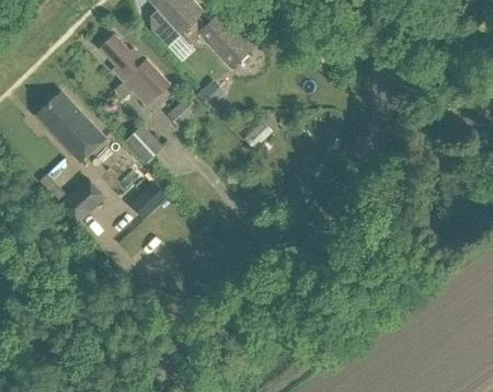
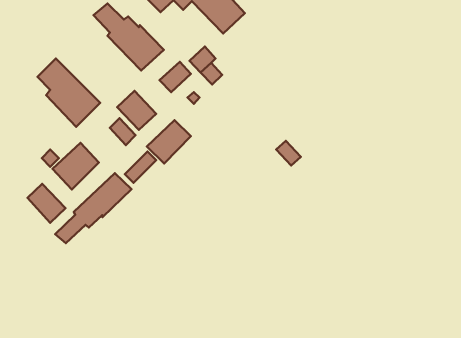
building: none -> [147,120,191,164]
building: none -> [55,173,132,243]
building: none -> [27,184,66,223]

